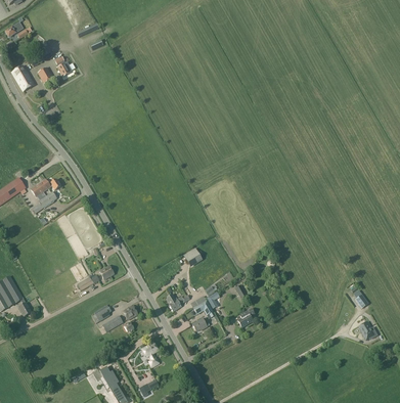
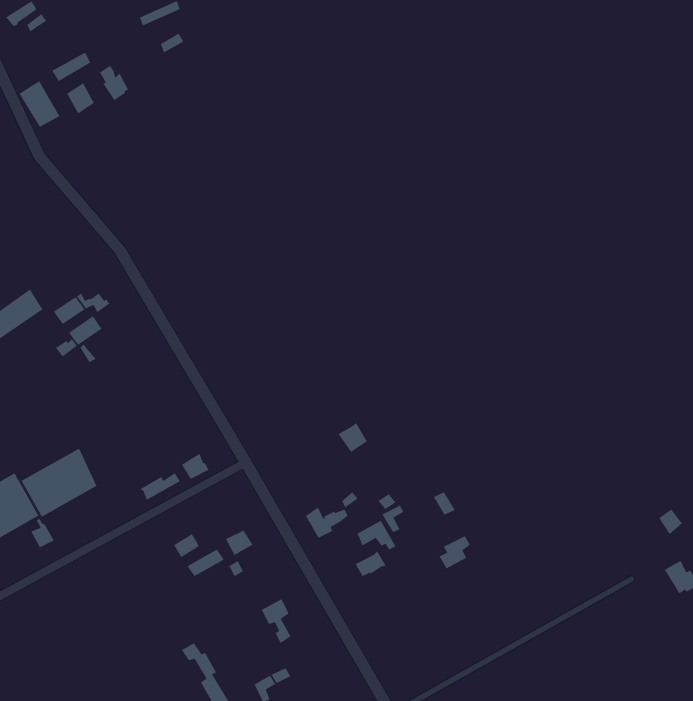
building: none -> [20,448,97,518]

